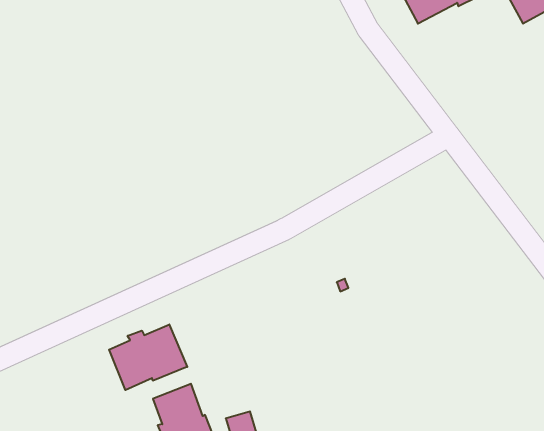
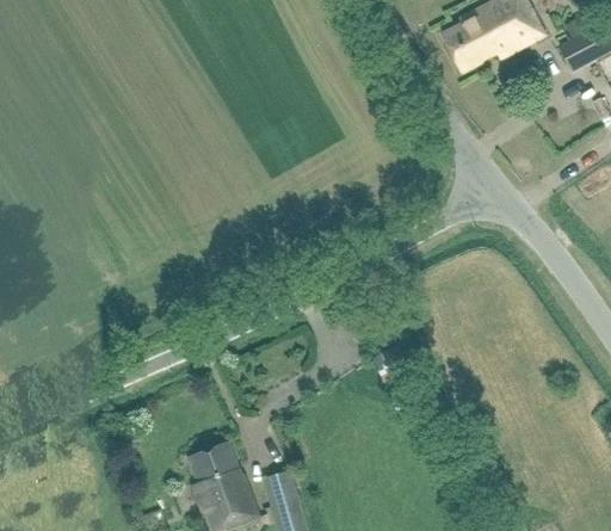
building: [109,324,187,390] -> none

